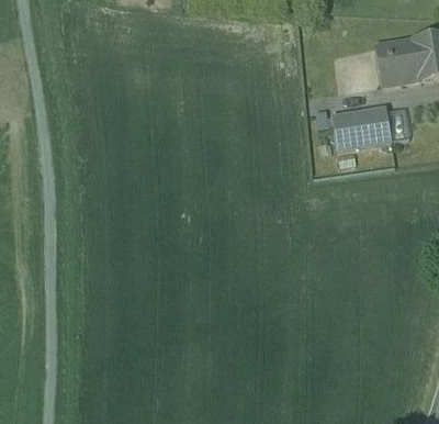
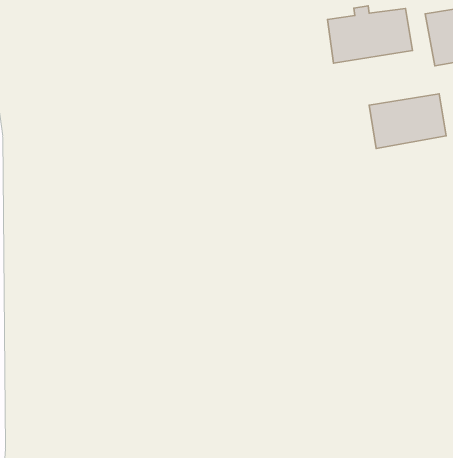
building: none -> [327,6,412,63]

